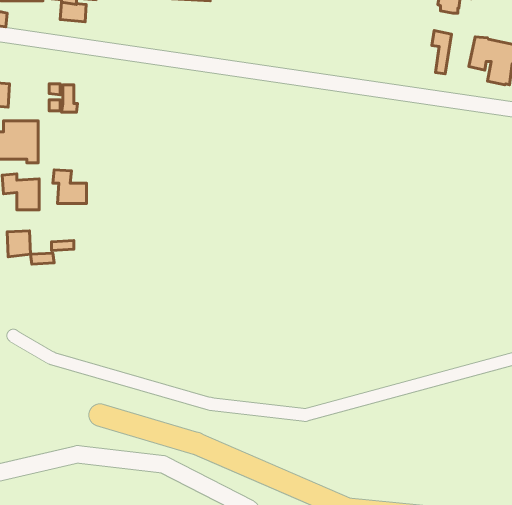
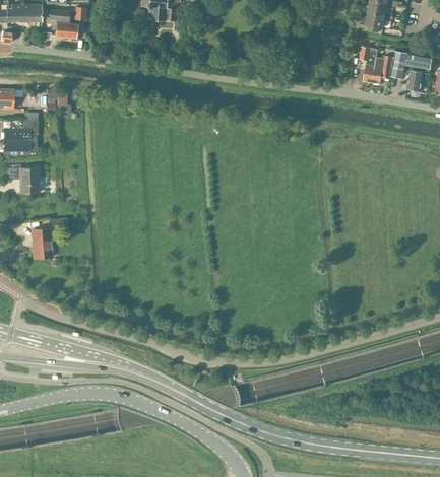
building: none -> [372,49,393,83]
building: [53,170,86,204] -> none
building: [7,231,31,257] -> [33,236,52,258]

